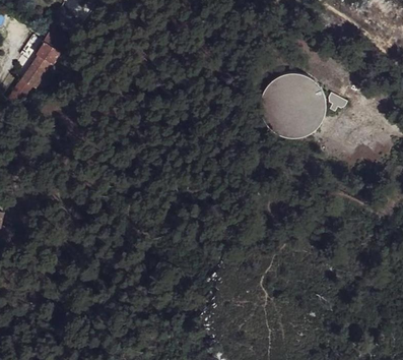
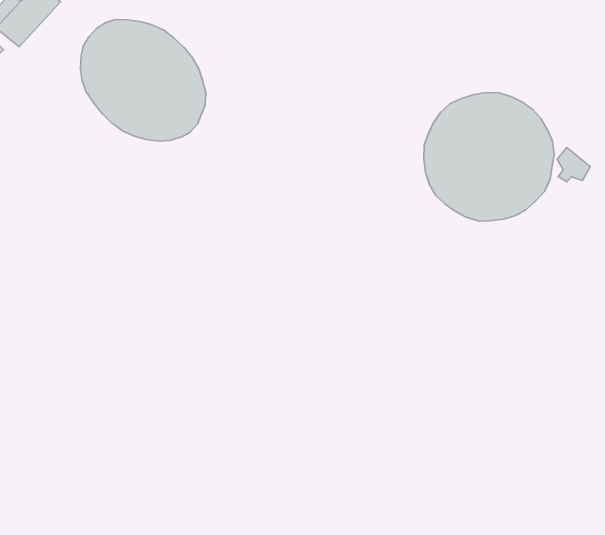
building: none -> [80,20,206,141]

